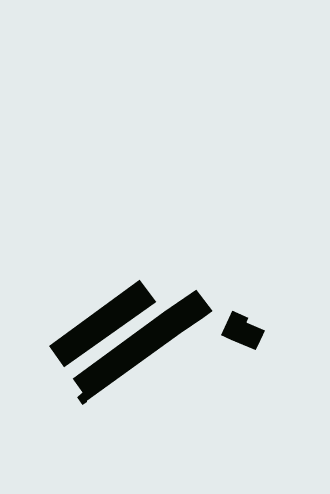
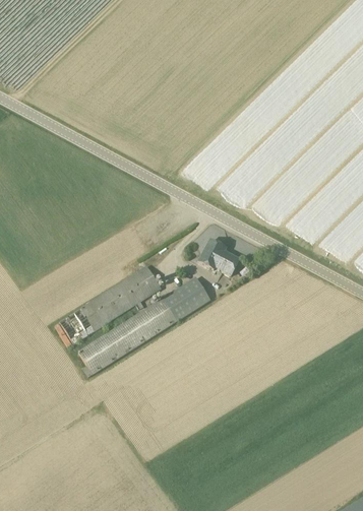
building: [220,310,266,351] -> [198,239,240,277]

